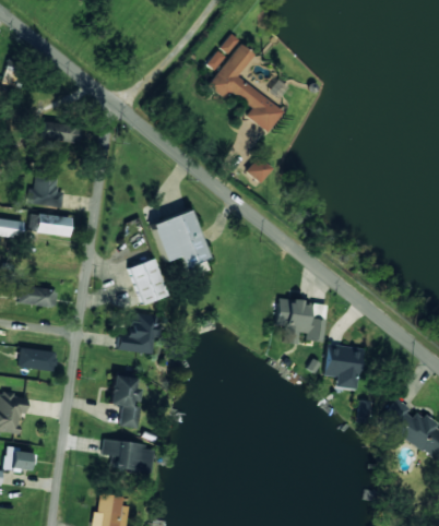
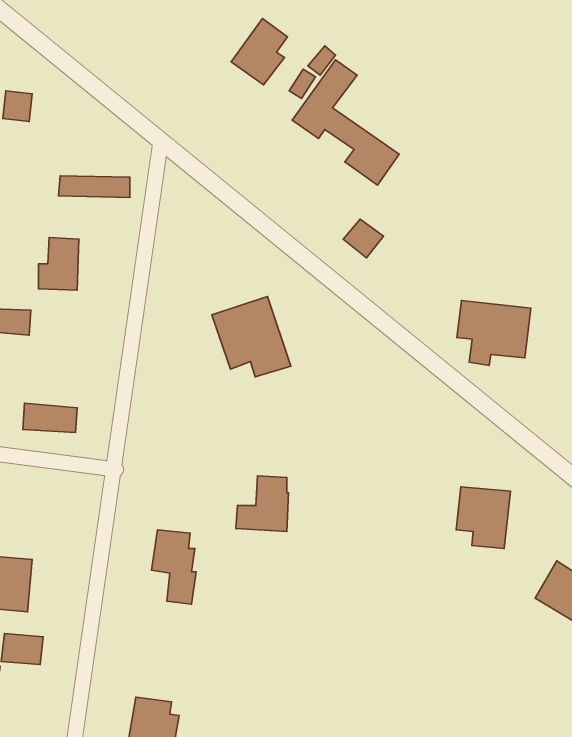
building: none -> [231,18,288,85]
building: [37,213,72,236] -> none
building: [128,259,167,304] -> none
building: [275,299,328,345] -> [457,300,531,365]
building: [119,313,156,352] -> [236,476,288,532]
building: [19,347,58,372] -> none
building: [103,440,154,473] -> none

